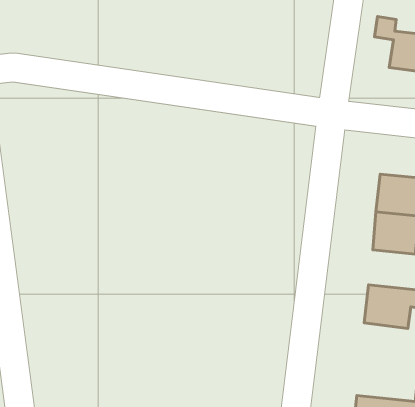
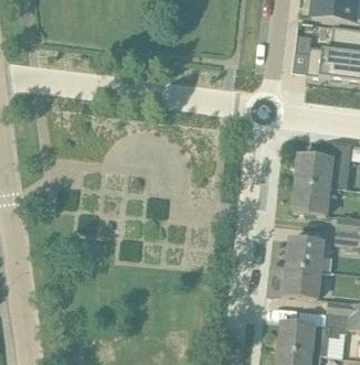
building: none -> [283,266,319,298]

